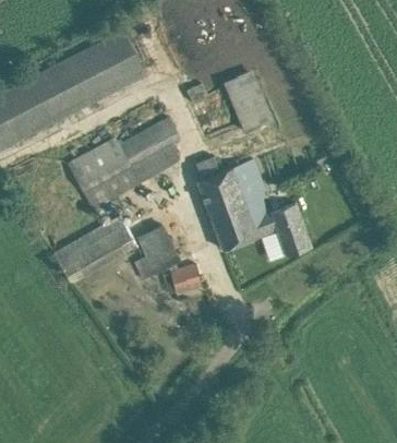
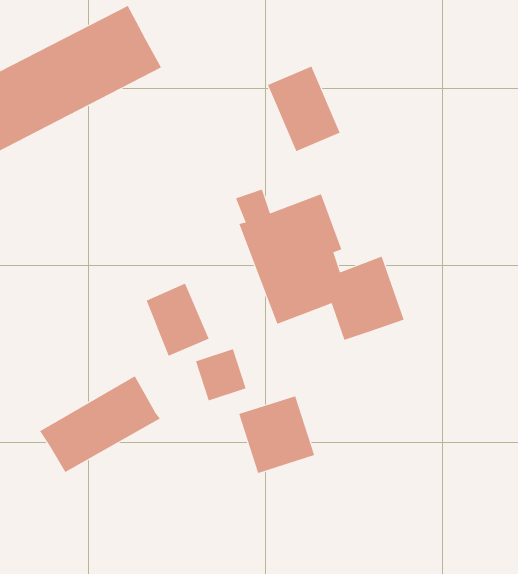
building: [67,120,180,209] -> none
building: [56,215,139,282] -> [39,375,161,473]
building: none -> [239,395,315,474]

